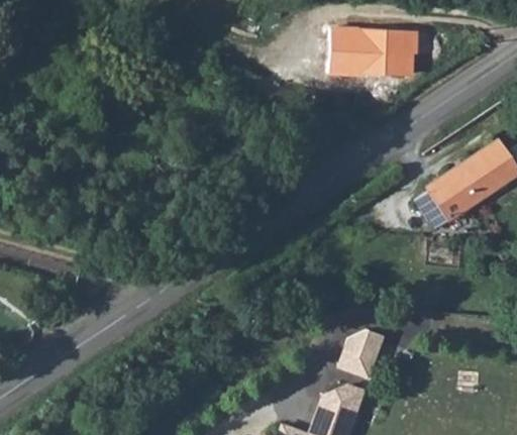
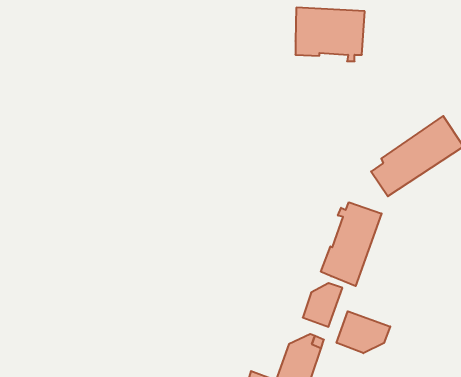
building: none -> [321,202,382,286]
building: none -> [337,311,390,353]

